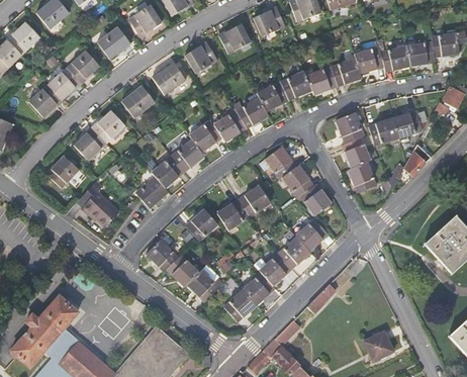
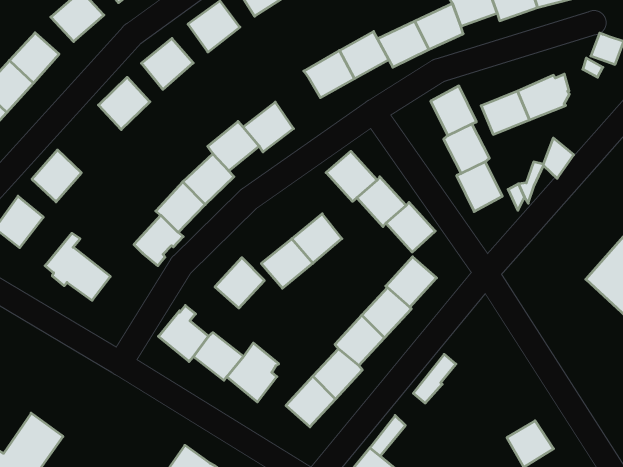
building: [236,97,268,128] -> none
building: [92,110,125,144] -> none

